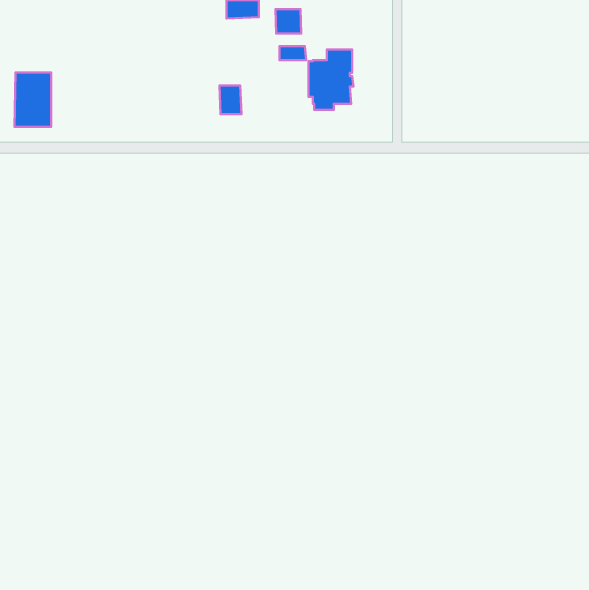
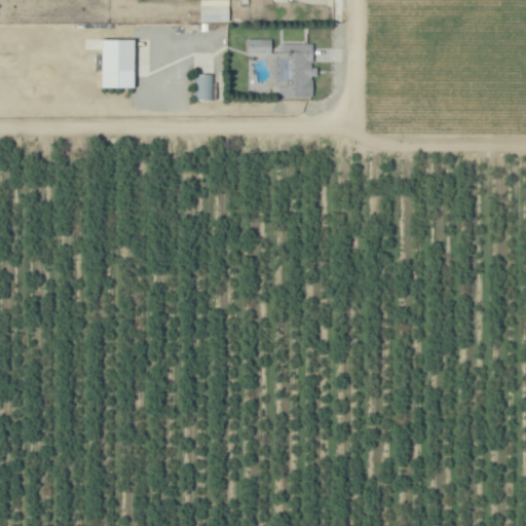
building: [275,9,301,33] -> none
building: [14,73,51,127] -> [100,39,133,87]

